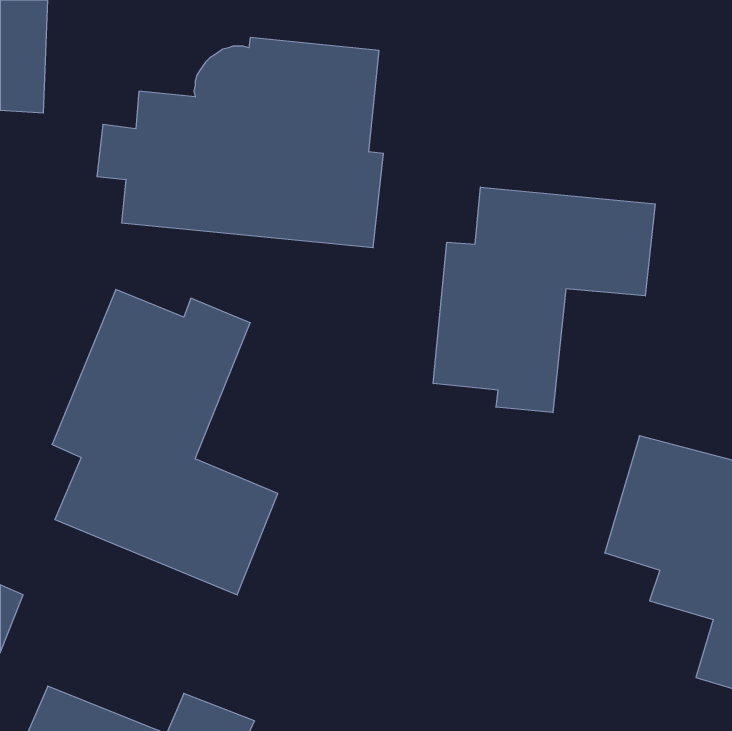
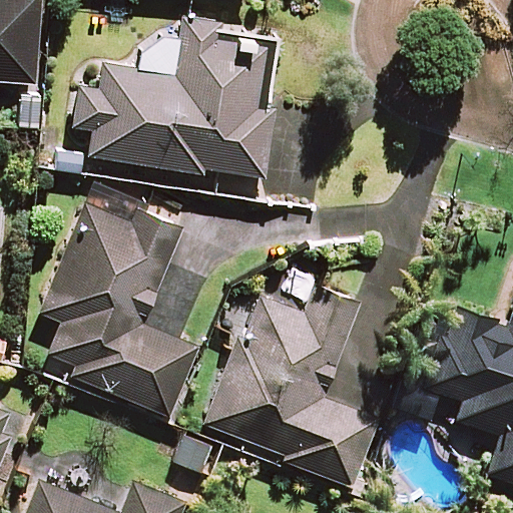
building: [433,187,655,413] -> none
building: none -> [202,286,379,488]

